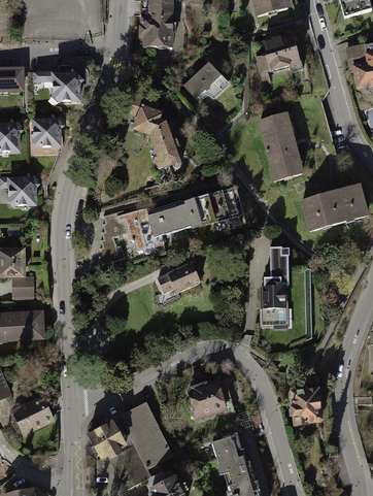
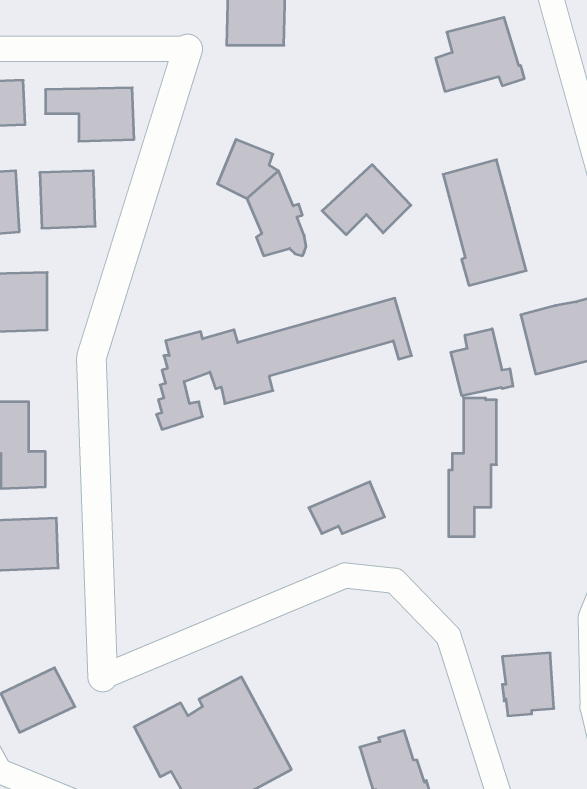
building: [177,63,227,102] -> [322,165,411,235]
building: none -> [451,329,513,396]
building: [157,262,199,291] -> [309,482,385,534]
building: [188,378,233,416] -> none

